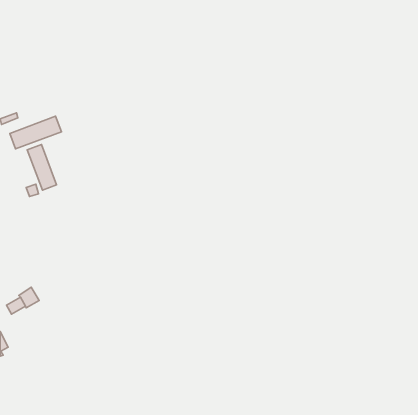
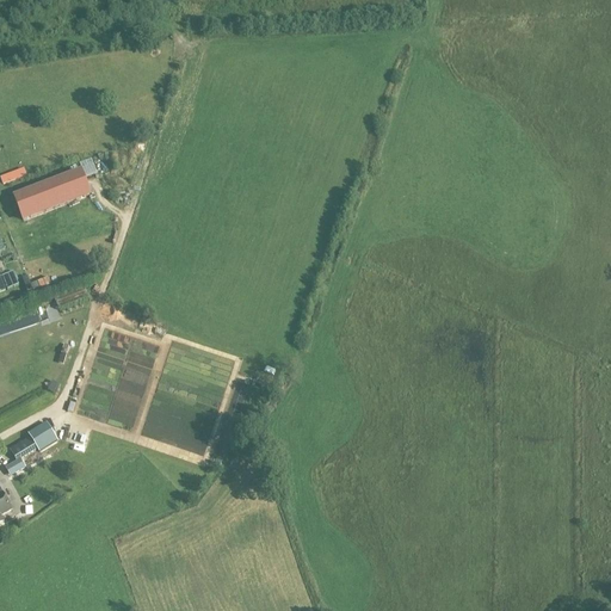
building: [27,144,57,190] -> none

